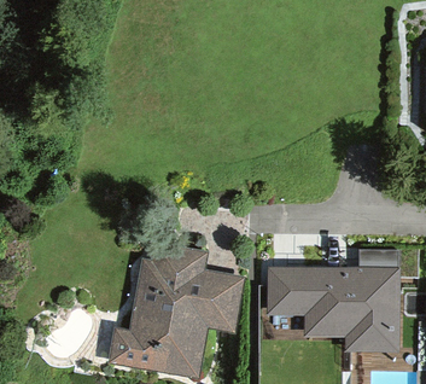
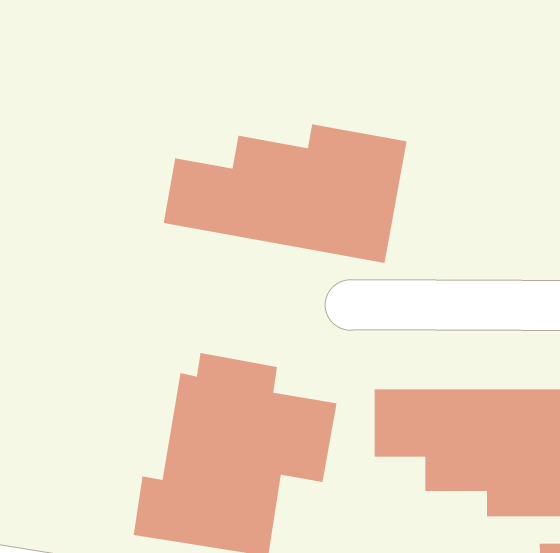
building: none -> [163,123,407,264]

